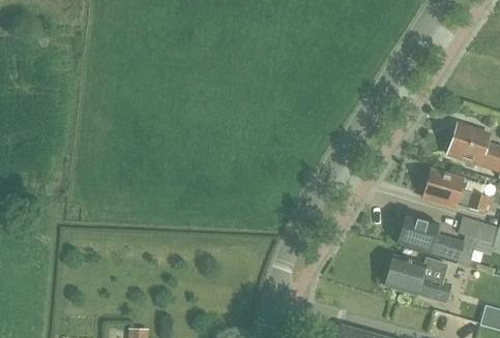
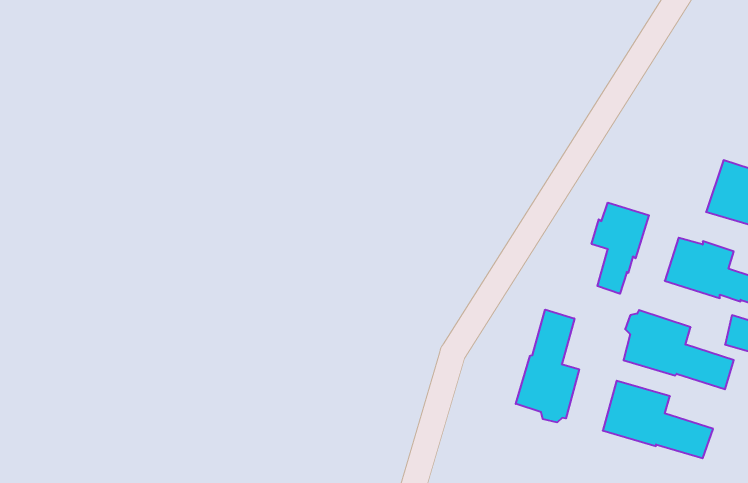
building: none -> [592,203,649,294]
building: none -> [516,310,579,422]

